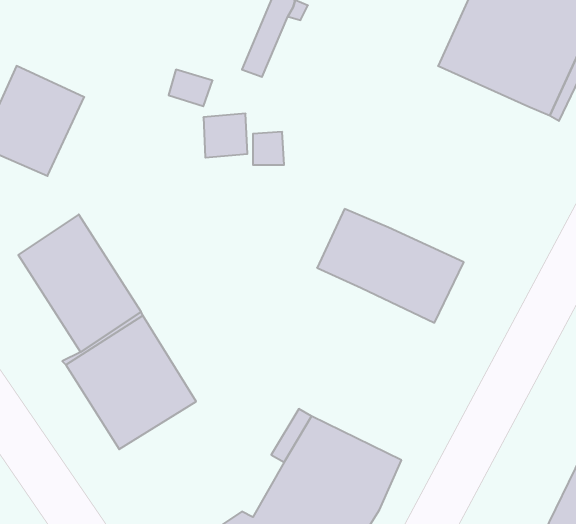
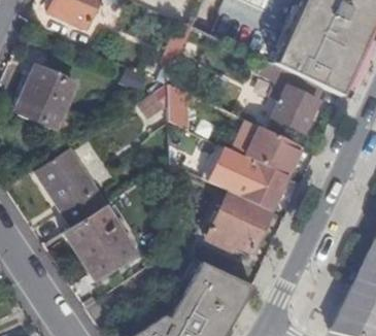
building: none -> [257,62,323,133]
building: none -> [245,127,302,176]
building: none -> [208,191,271,250]

